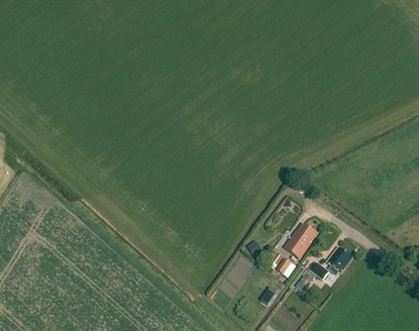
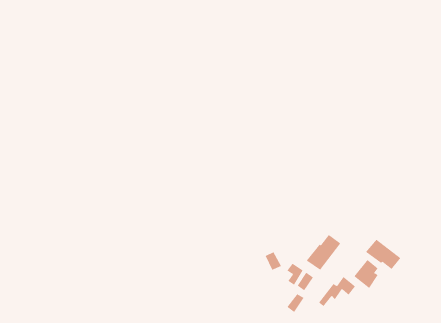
building: none -> [365,239,401,270]

